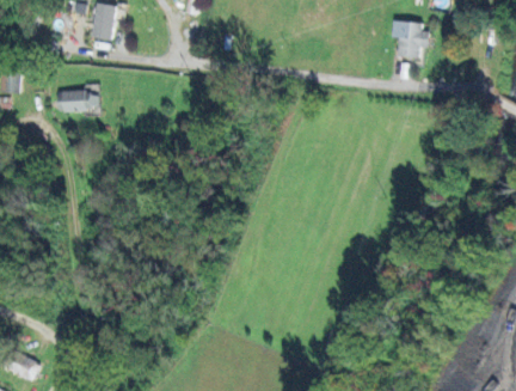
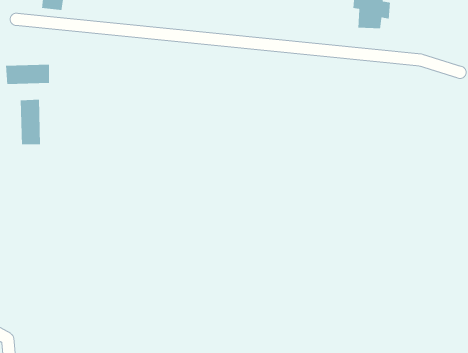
building: none -> [20,99,41,145]

